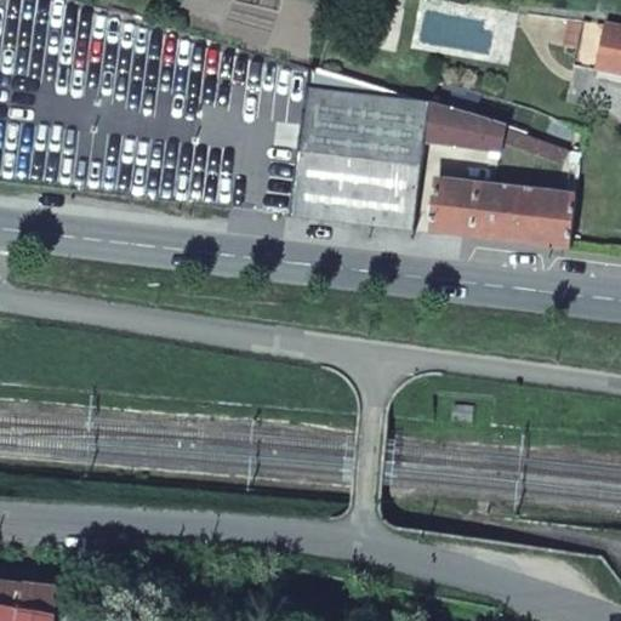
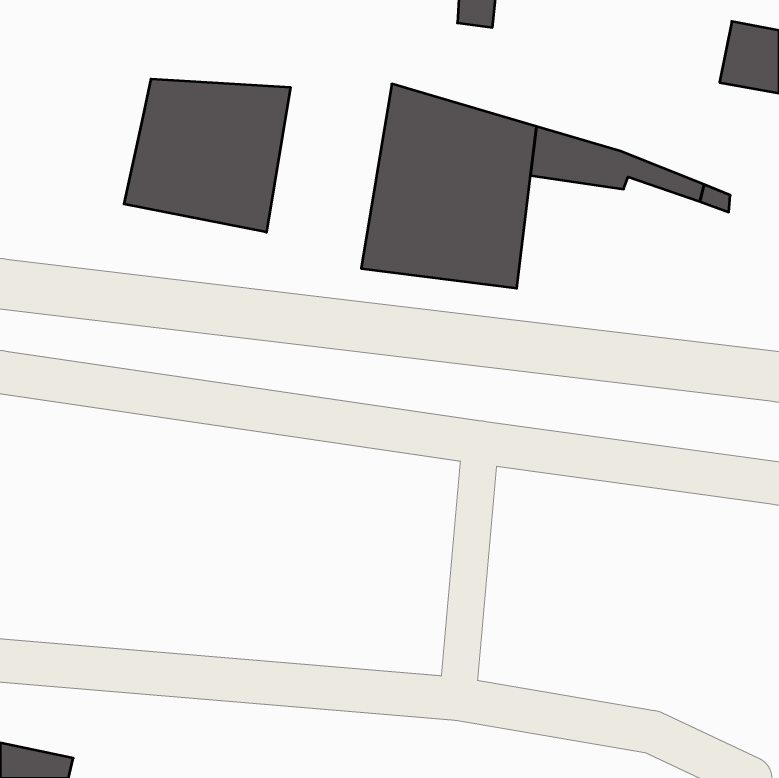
building: none -> [124,79,290,232]
building: [429,180,576,247] -> none

